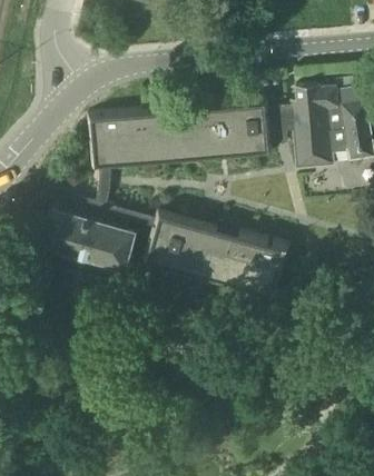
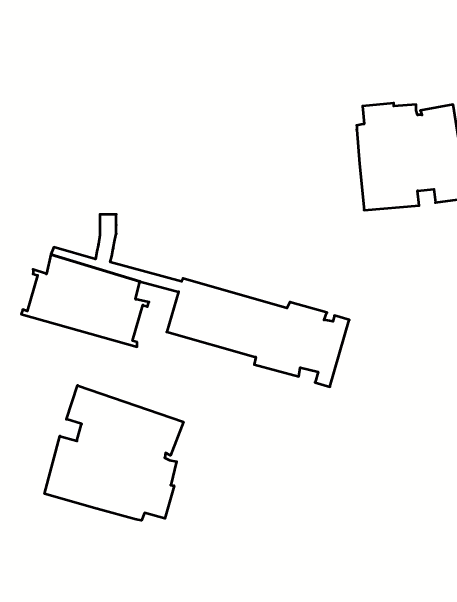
building: [89,106,292,170] -> none
building: none -> [45,385,183,520]

